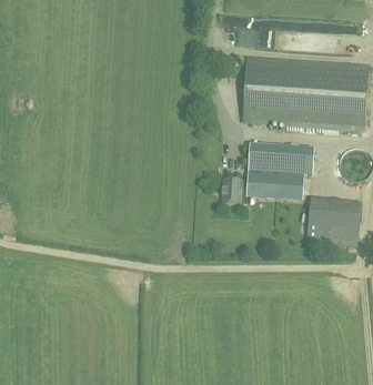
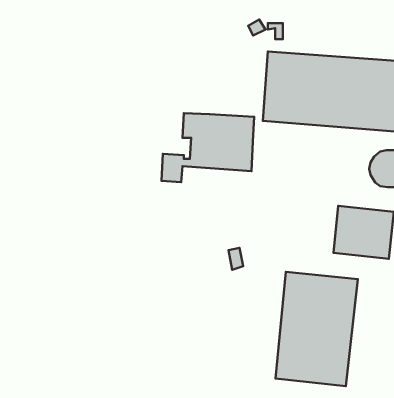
building: [222,143,305,205] -> [161,113,254,182]
building: none -> [275,272,358,386]

